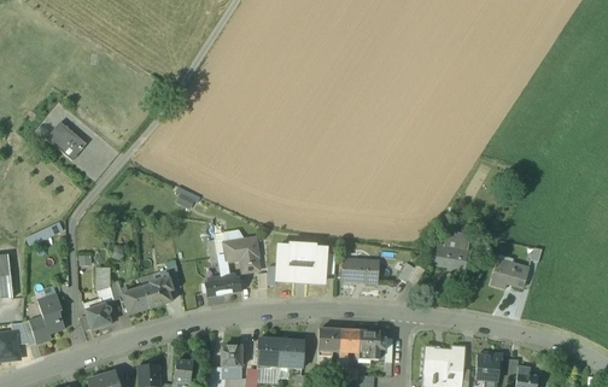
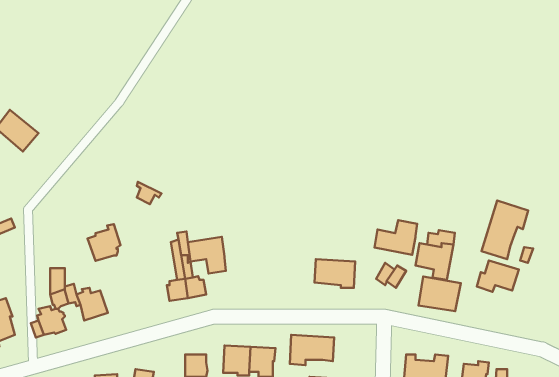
building: none -> [482,201,528,259]
building: none -> [374,220,417,255]
building: [276,242,327,281] -> none
building: [144,274,174,307] -> [88,224,120,261]
building: none -> [419,276,461,311]
building: [358,330,386,359] -> none

